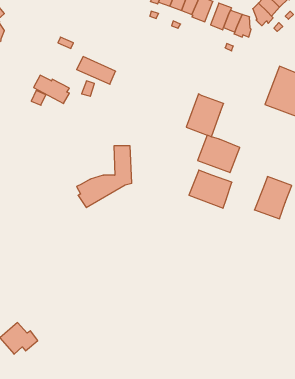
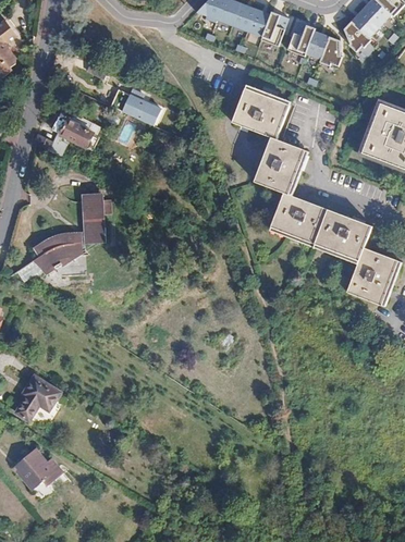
building: none -> [235,90,291,141]
building: [77,146,132,208] -> [28,190,102,273]
building: [189,170,232,208] -> [316,211,373,262]
building: none -> [12,377,57,422]

